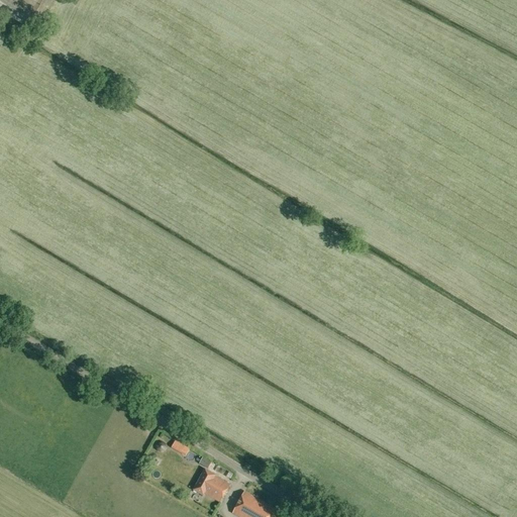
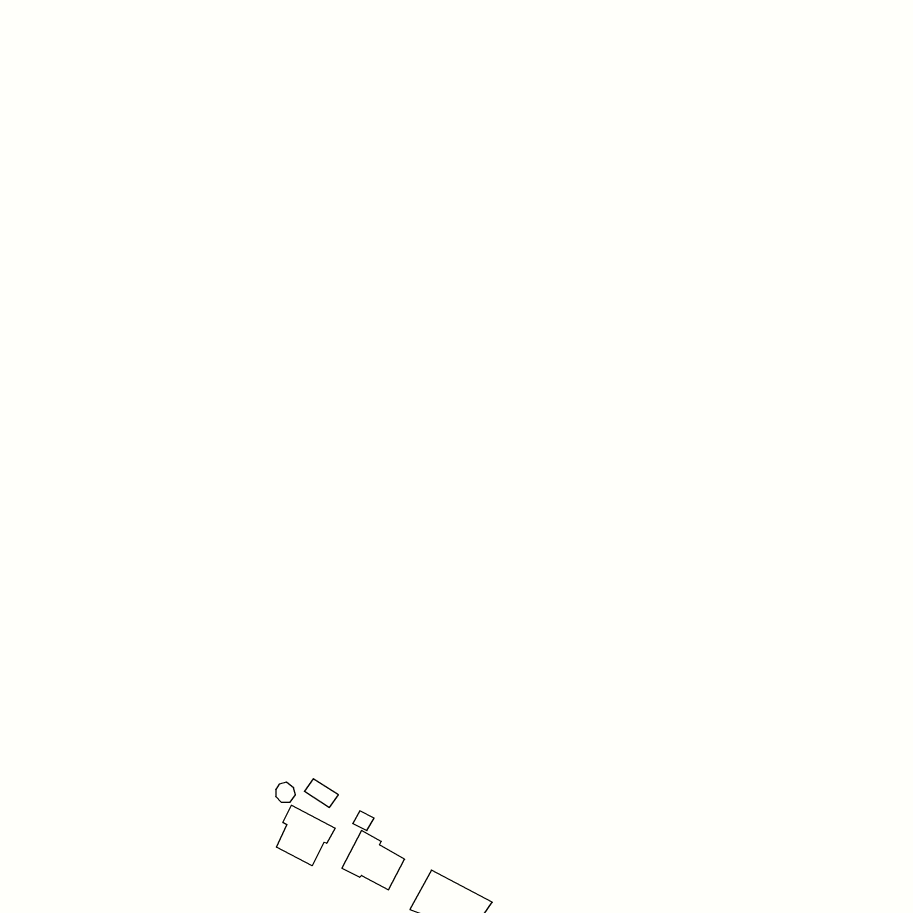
building: none -> [277,805,335,866]

